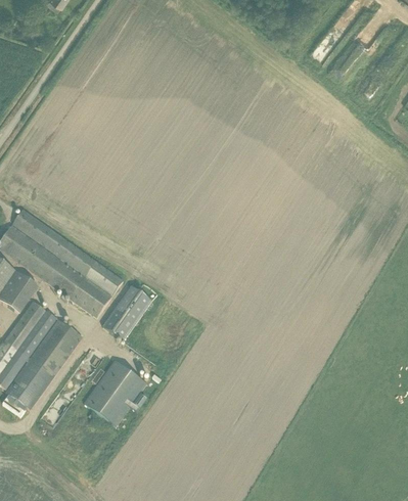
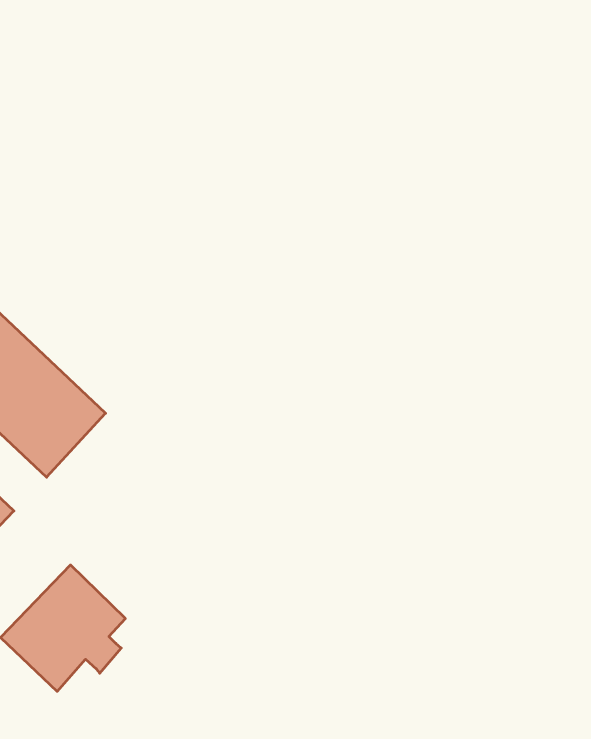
building: [102,285,151,341] -> none

